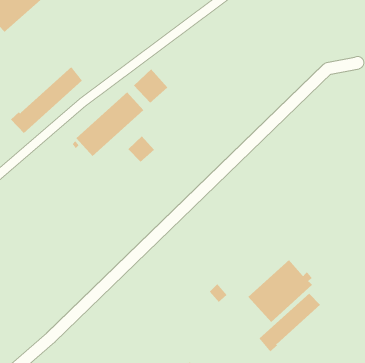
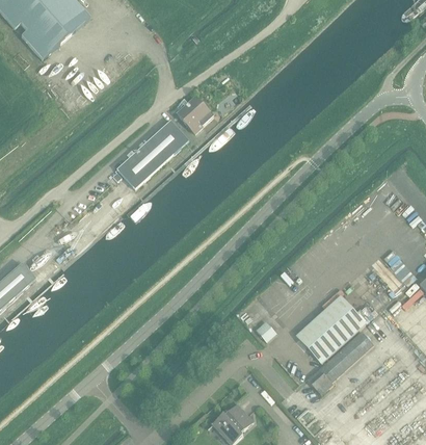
building: [10,66,83,134] -> none
building: [128,136,155,163] -> none

